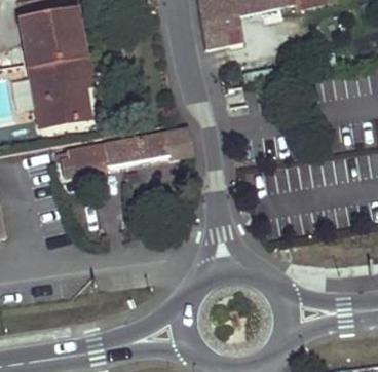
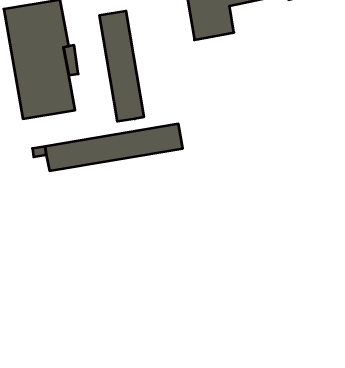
building: none -> [100,11,144,121]

